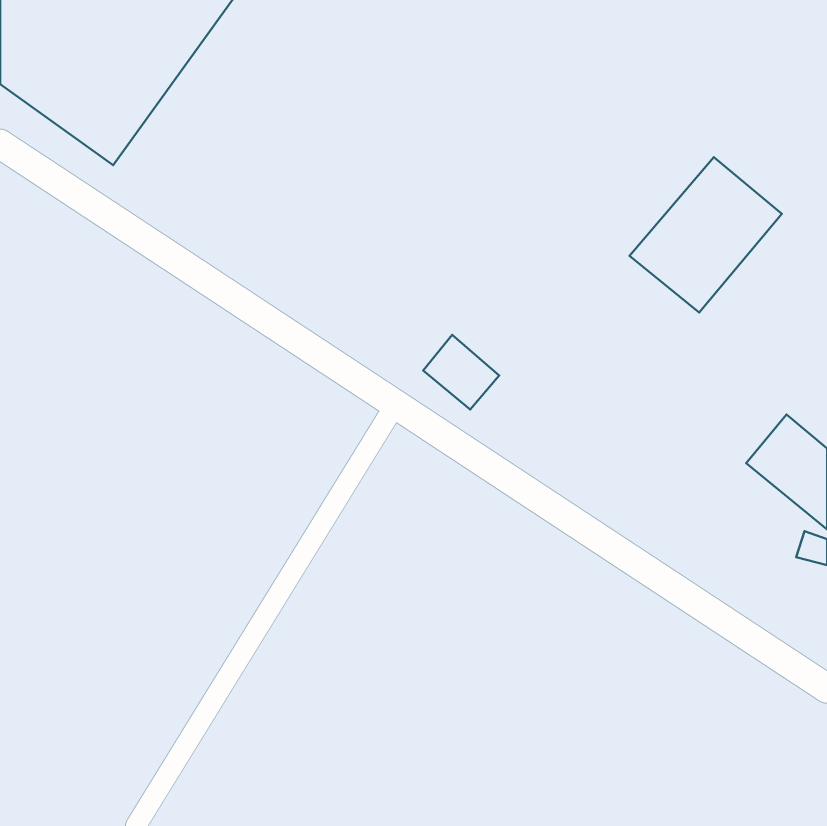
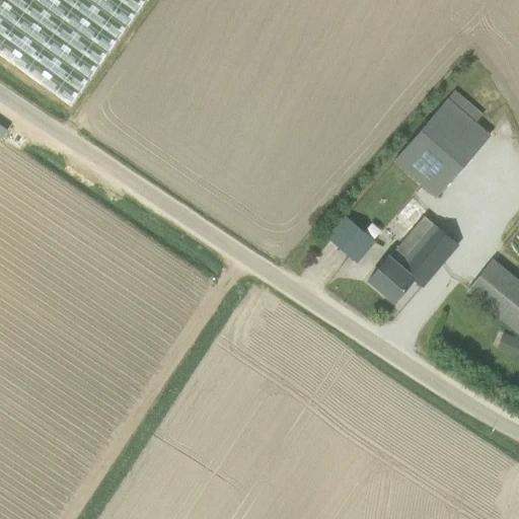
building: [423,335,499,409] -> [327,215,375,262]
building: none -> [369,216,457,300]

